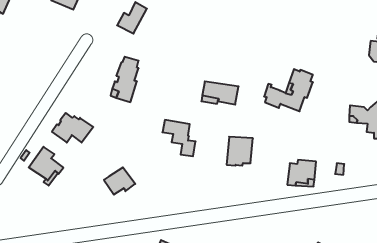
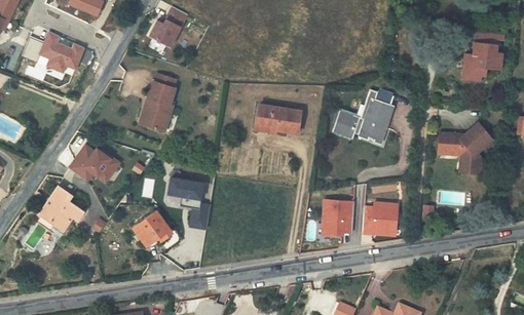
building: none -> [22,31,83,72]
building: [162,120,196,156] -> [170,176,211,222]
building: [227,137,253,166] -> [322,199,354,235]

